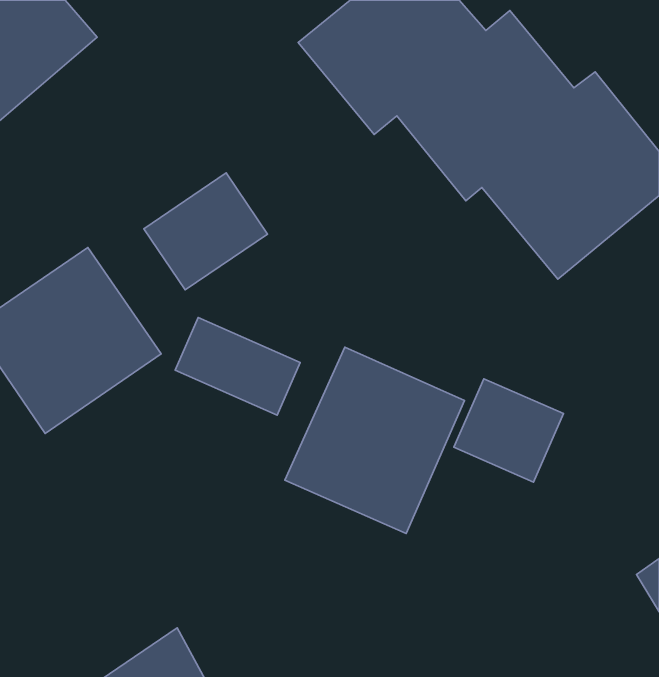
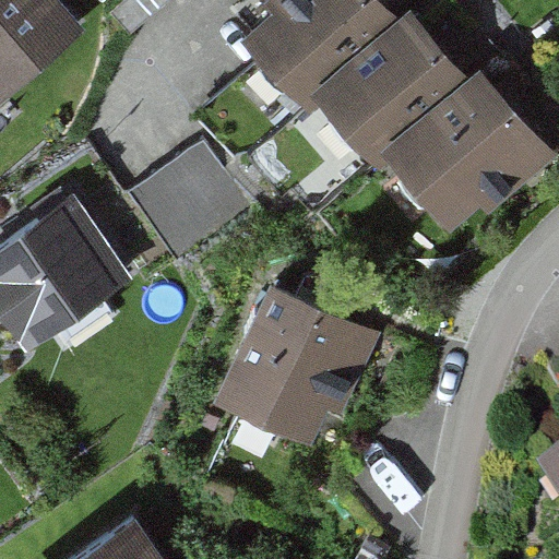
building: [175,318,300,415] -> none
building: [454,379,564,482] -> none

